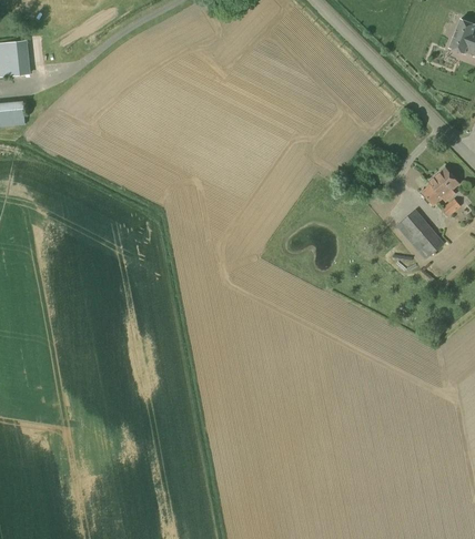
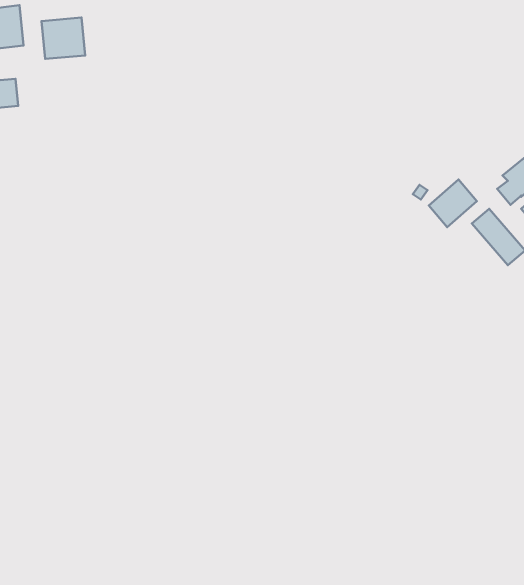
building: none -> [42,18,85,59]
building: none -> [429,180,477,227]

